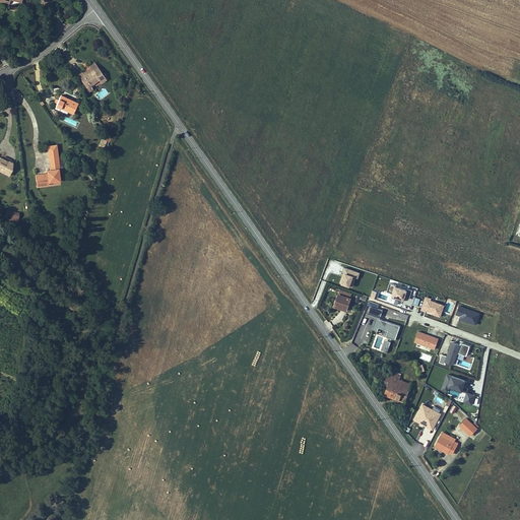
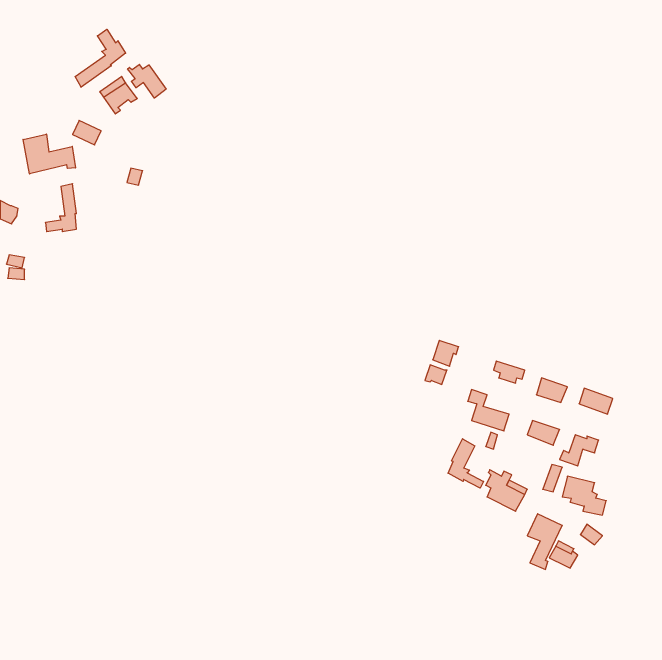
building: none -> [75,29,126,87]
building: none -> [128,64,166,98]
building: none -> [23,134,75,174]
building: none -> [448,439,484,488]

